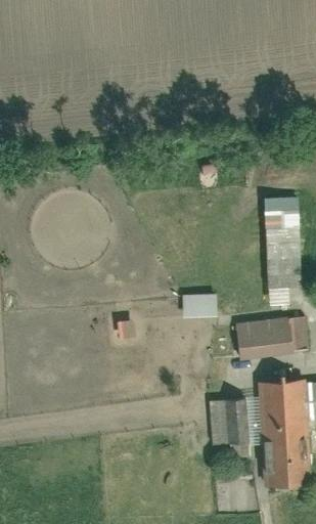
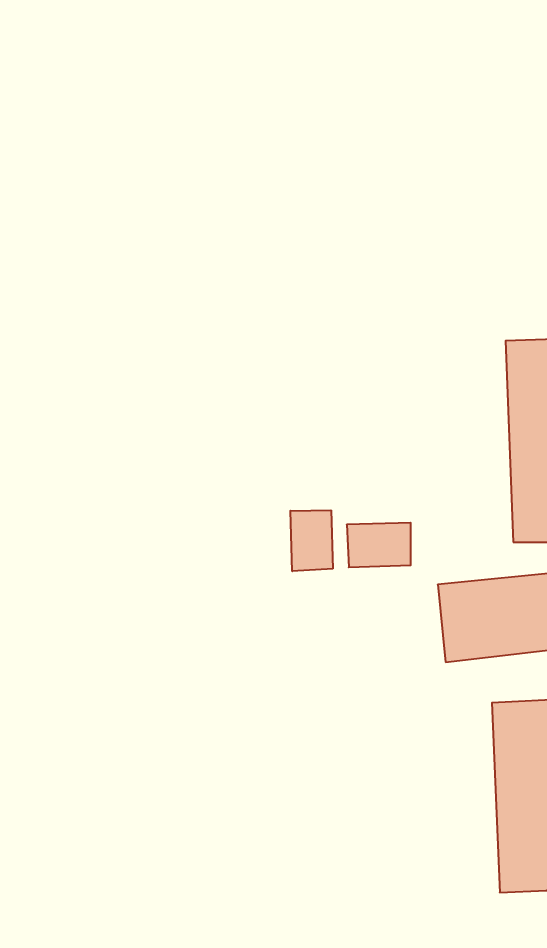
building: none -> [290,510,333,571]
building: [207,398,247,446] -> none

